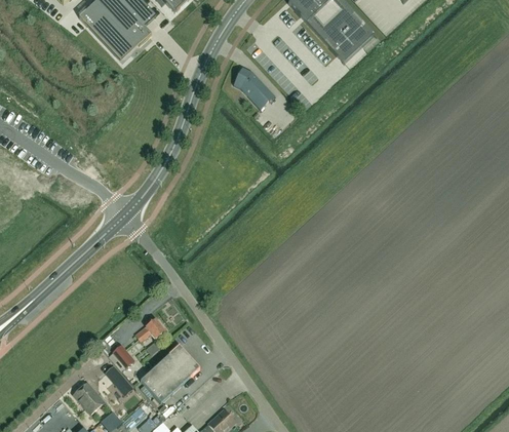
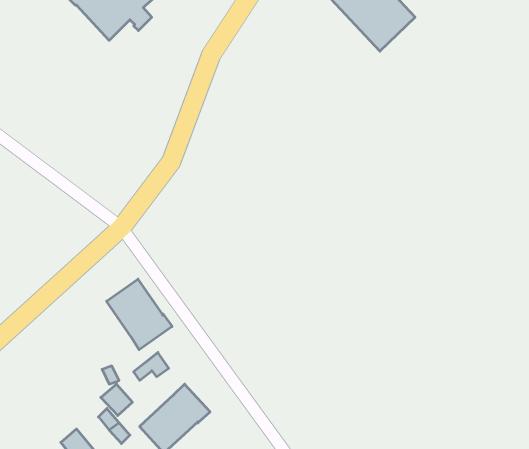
building: [233,66,275,109] -> none
building: none -> [107,279,172,350]

